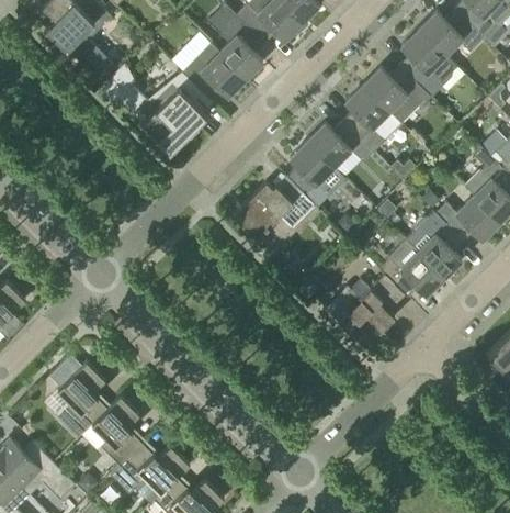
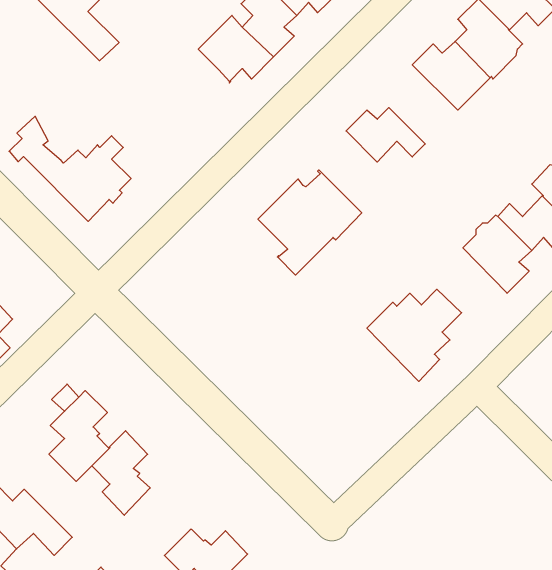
building: [103,63,206,152] -> [9,116,131,221]
building: [343,85,401,152] -> none
building: [287,141,333,194] -> none
building: [378,239,443,298] -> none
building: [120,443,190,503] -> none

